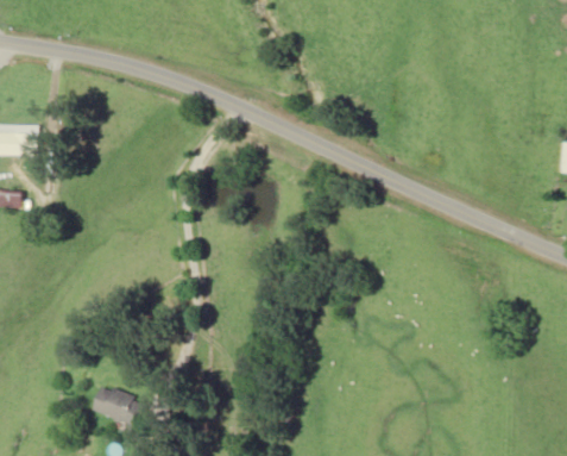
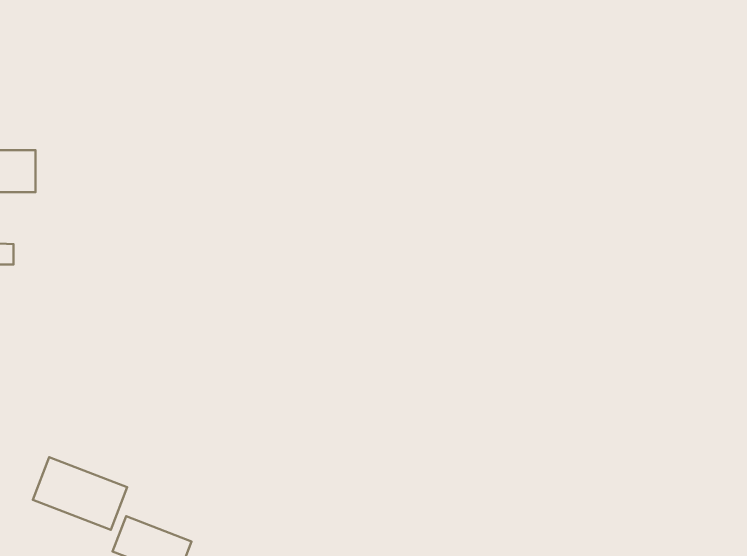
building: none -> [33,457,127,530]

